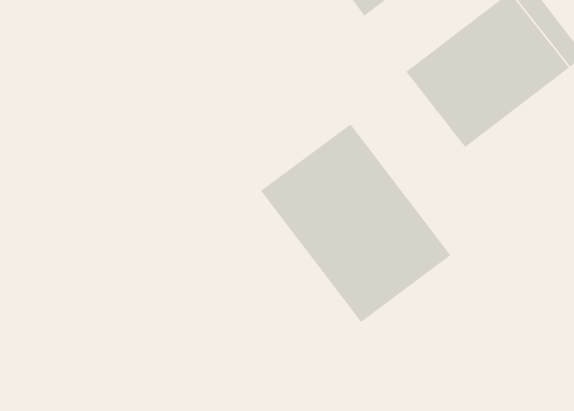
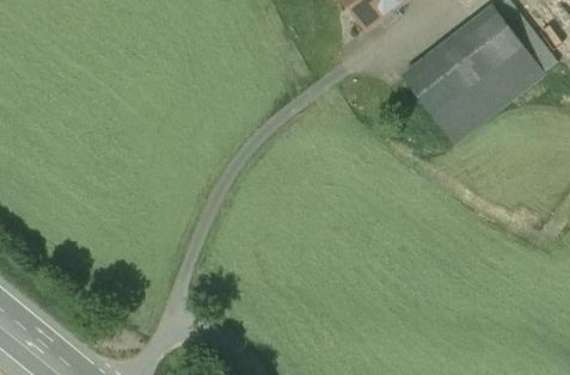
building: [260,123,451,323] -> none

